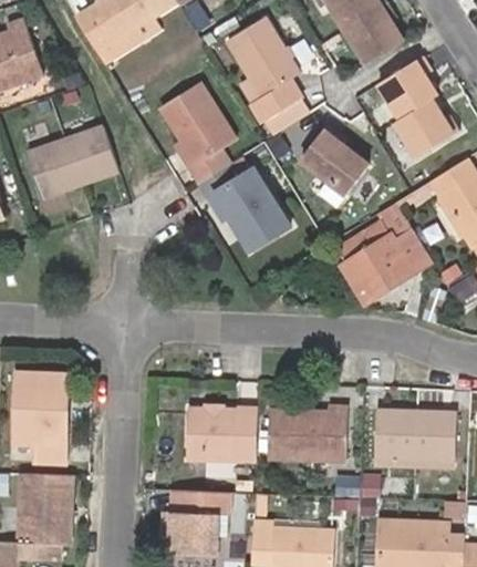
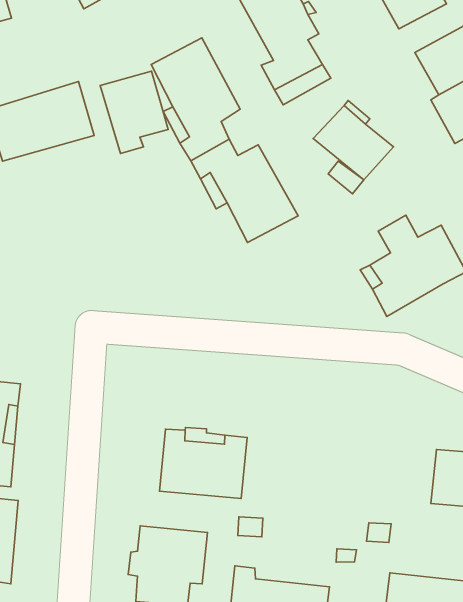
building: none -> [100,71,168,153]
building: [270,409,349,460] -> none
building: [375,411,416,458] -> none

